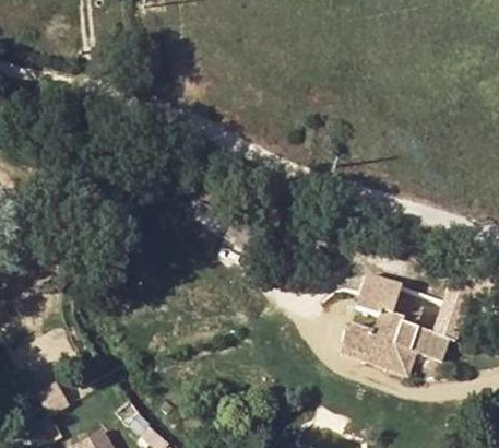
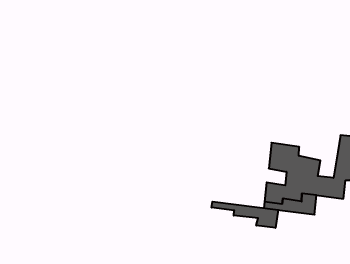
building: none -> [212,202,278,228]

